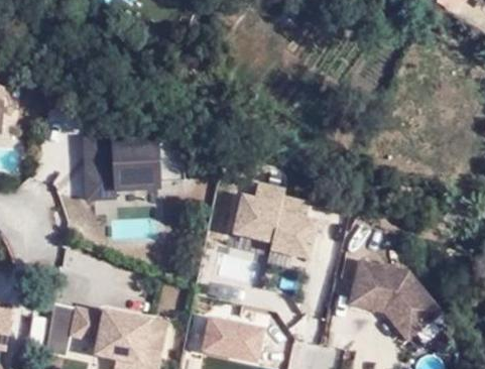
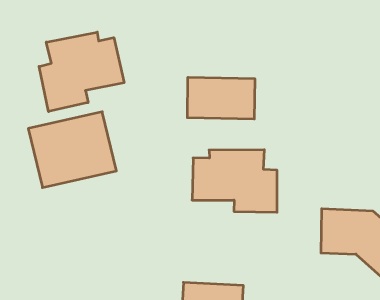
building: none -> [39,32,124,112]
building: none -> [187,77,255,119]

